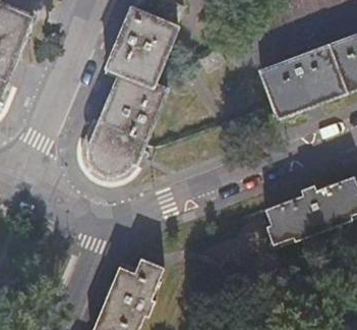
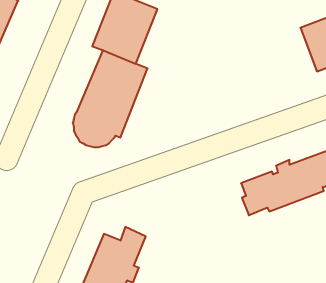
building: [260,48,343,118] -> none

